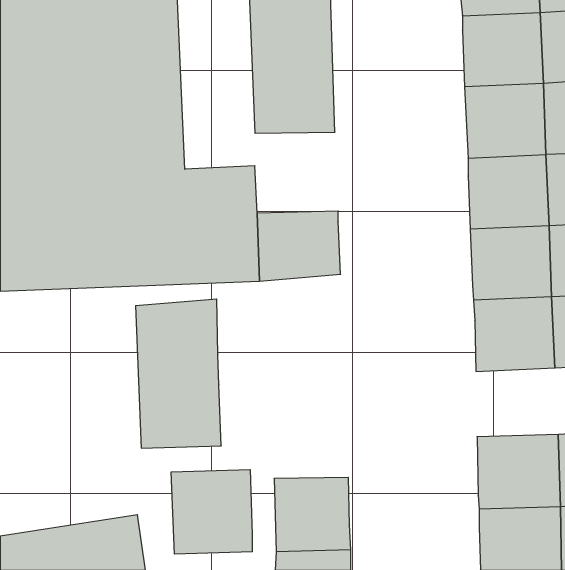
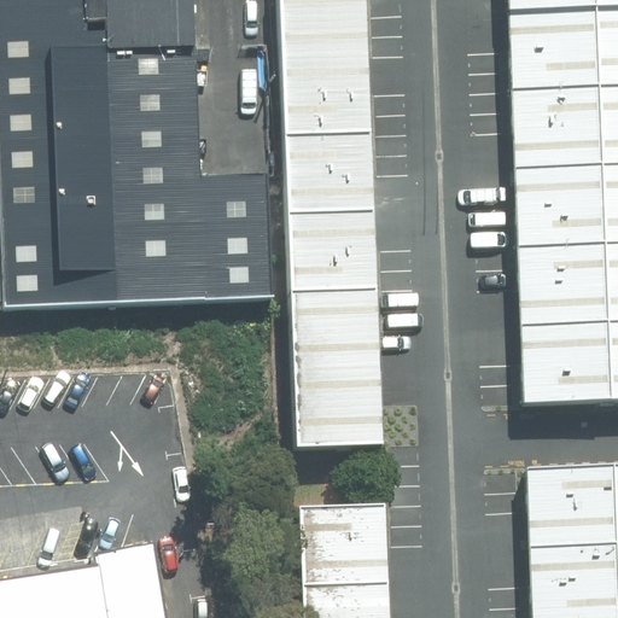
building: none -> [285,141,374,228]
building: [136,299,221,448] -> [290,293,381,453]
building: [171,470,252,554] -> none

